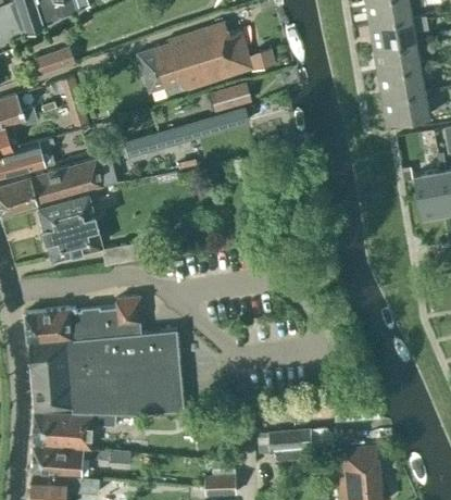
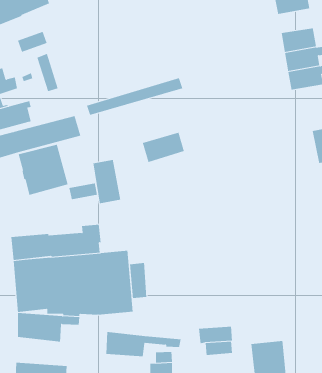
building: [369,18,416,50] -> none
building: [136,23,274,95] -> none
building: [208,84,251,114] -> none
building: none -> [142,132,185,163]
building: none -> [93,159,121,204]
building: none -> [129,262,147,299]
building: [32,443,129,476] -> [106,332,181,357]

